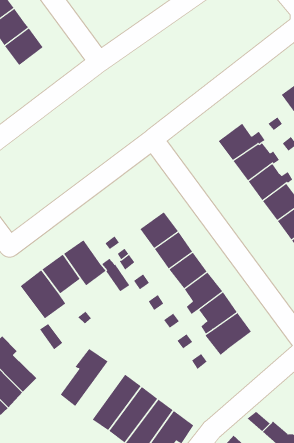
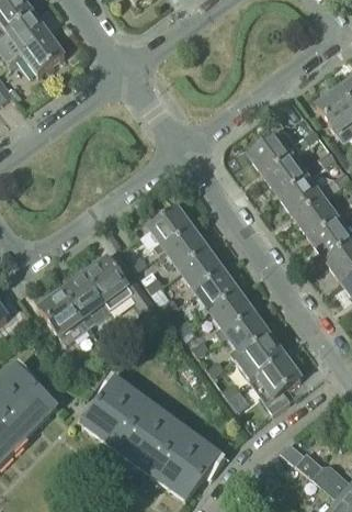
building: none -> [150,208,192,254]
building: none -> [252,357,300,413]
building: none -> [98,389,150,450]

